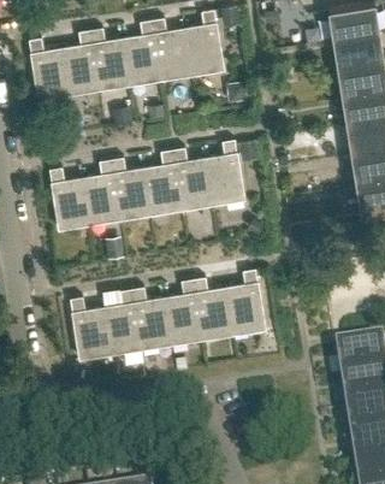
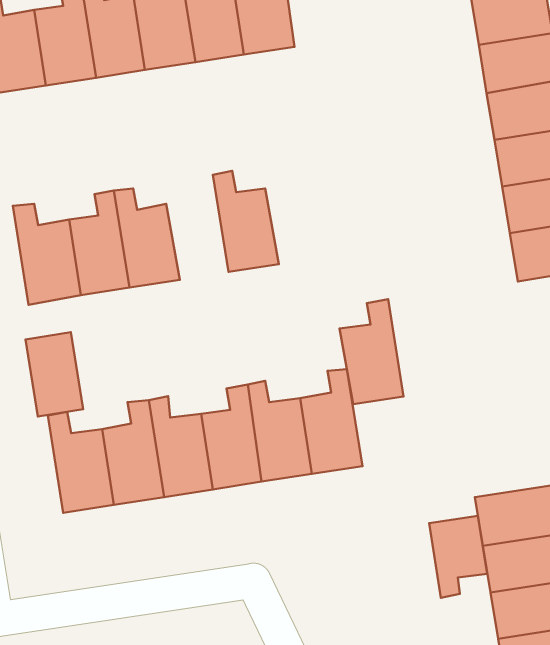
building: [206,138,245,203] -> [340,299,404,404]
building: [144,148,183,213] -> none
building: none -> [26,332,83,417]
building: none -> [429,516,487,598]

